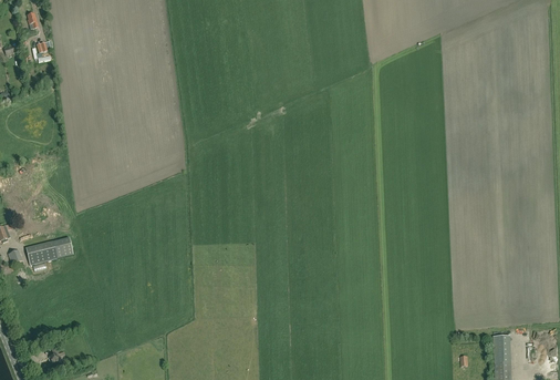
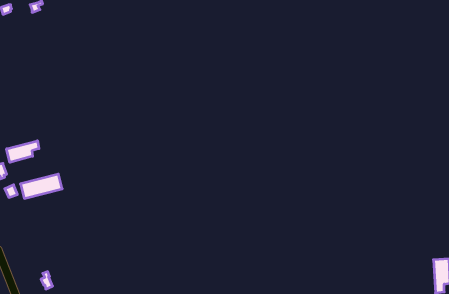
building: none -> [7,141,39,162]

